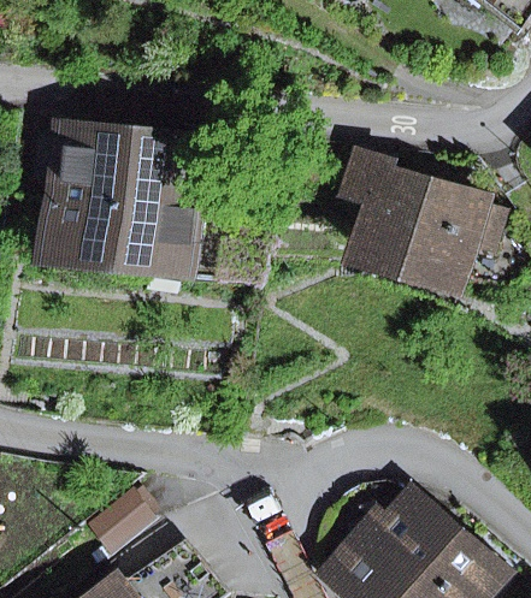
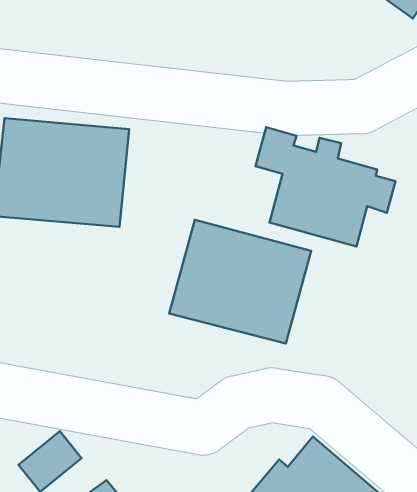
building: none -> [169,220,311,344]

